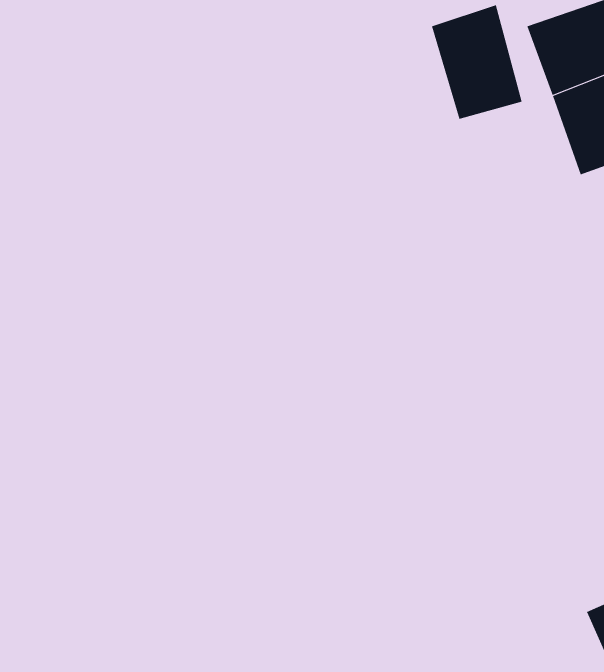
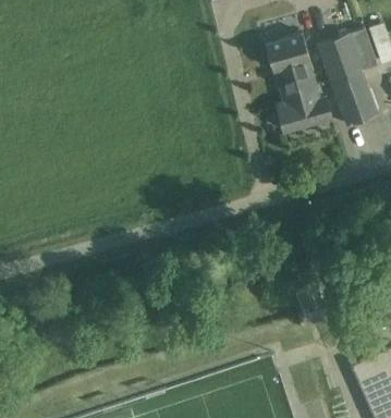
building: none -> [276,84,330,130]

